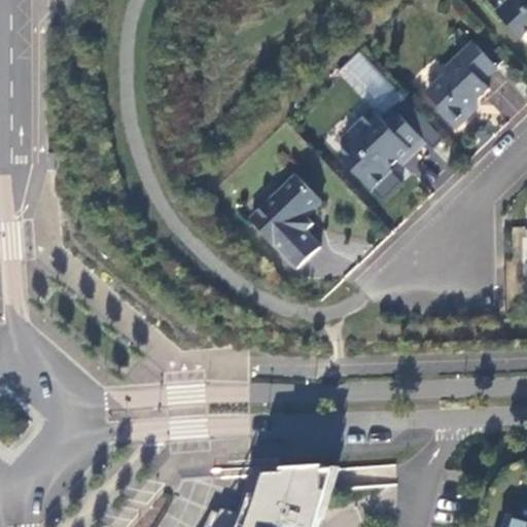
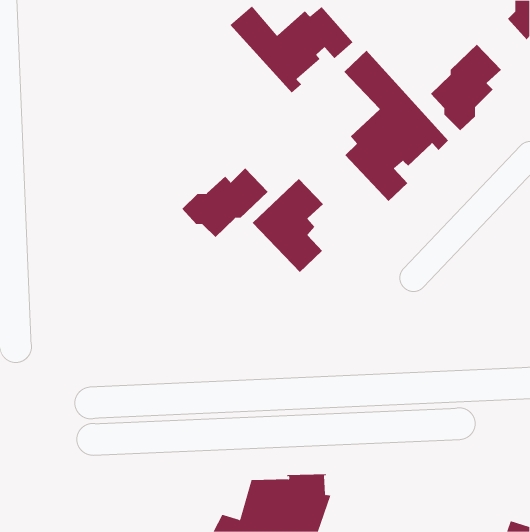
building: none -> [230,6,353,93]
building: none -> [181,168,268,238]

